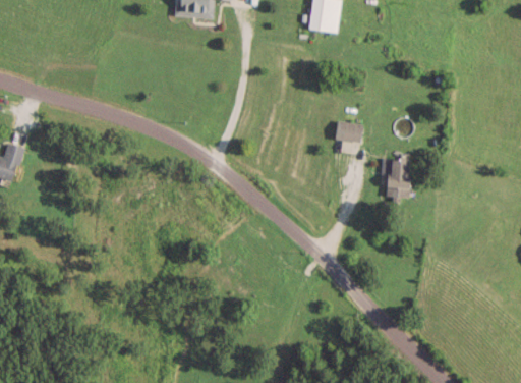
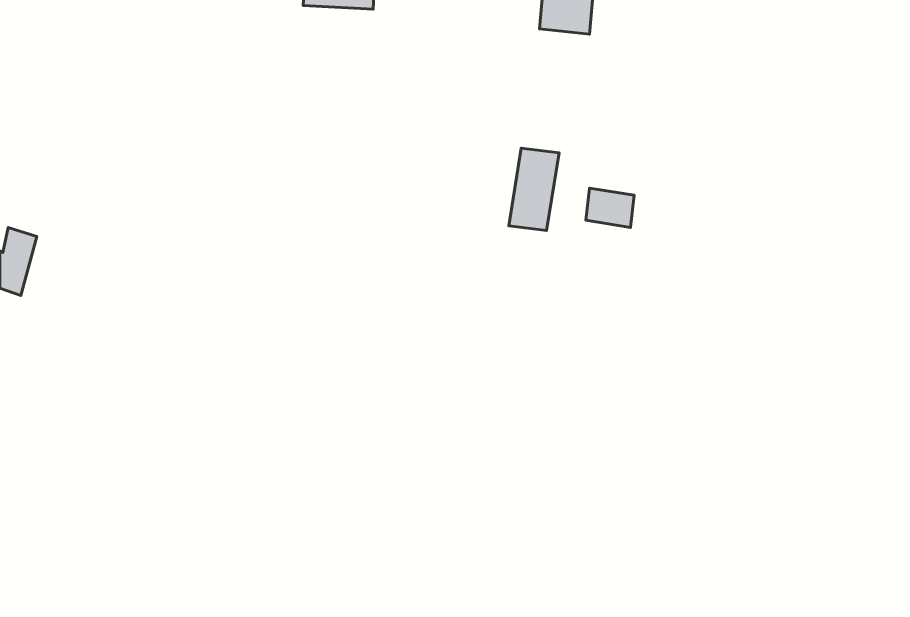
building: none -> [509,148,559,231]
building: [387,159,408,197] -> none

